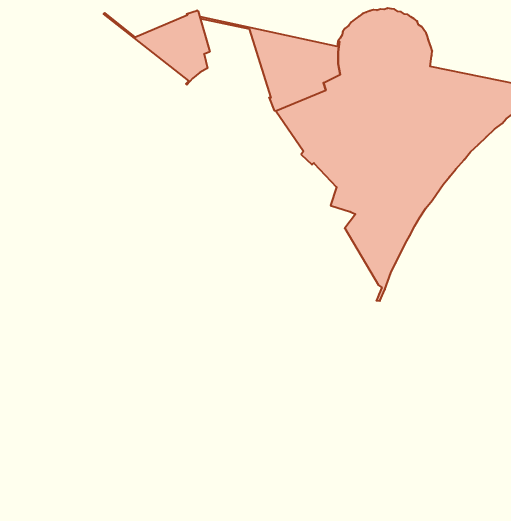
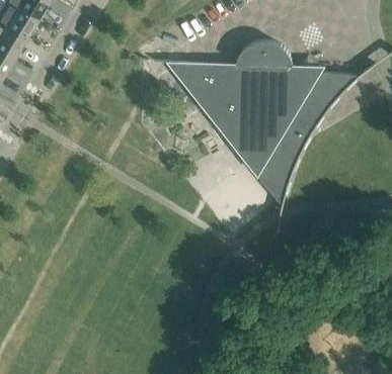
building: [104,10,210,85] -> none

